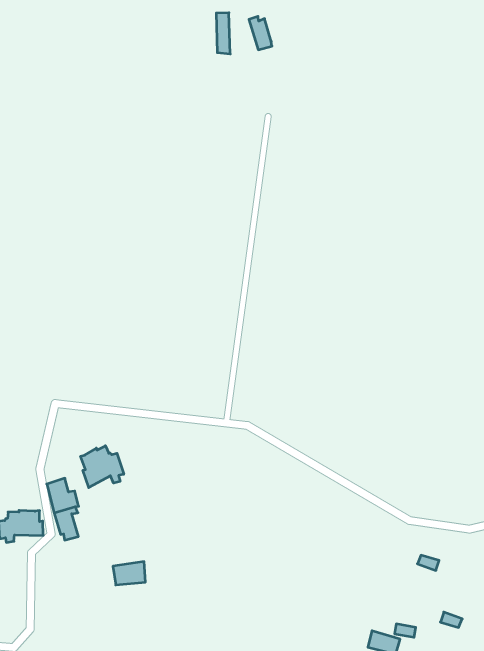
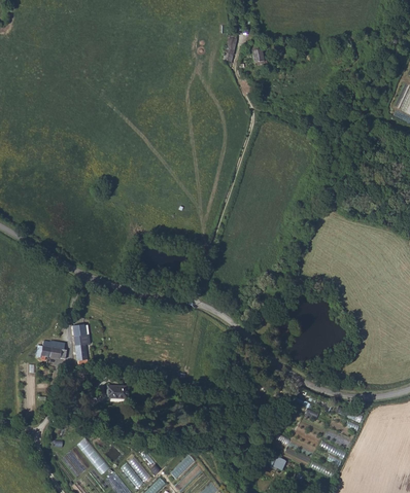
building: [81,446,124,488] -> none

